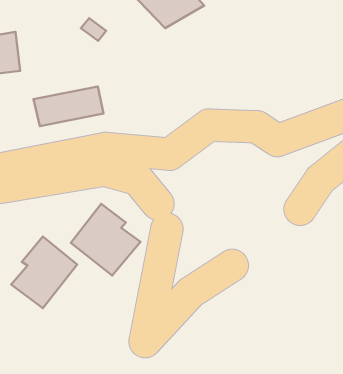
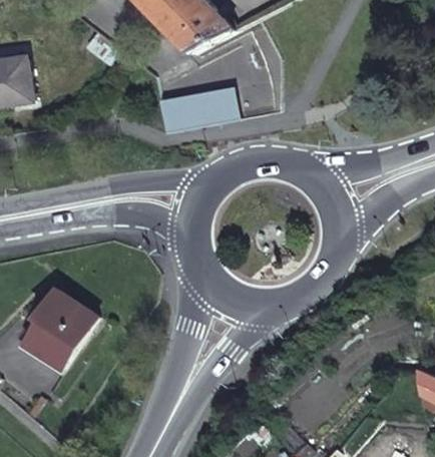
building: [34,86,103,126] -> [162,87,240,131]
building: [71,204,140,275] -> none

